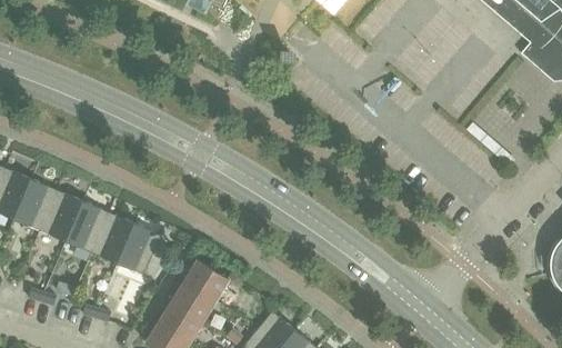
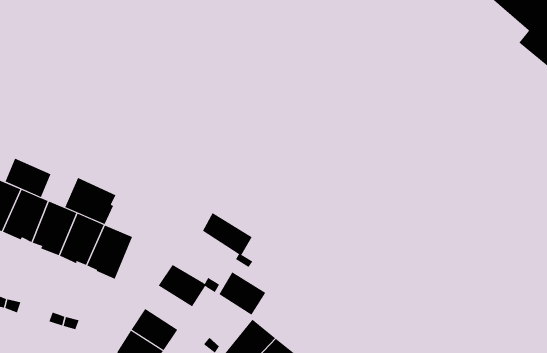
building: none -> [5,158,51,198]
building: none -> [65,177,116,225]
building: none -> [202,212,253,268]
building: [172,280,217,321] -> [219,271,266,315]

